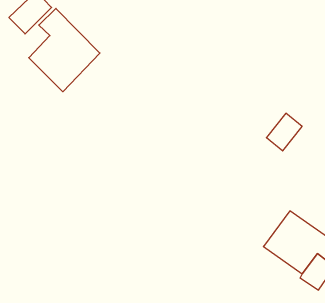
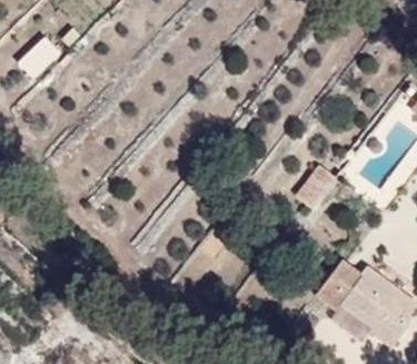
building: [29,8,100,92] -> none

